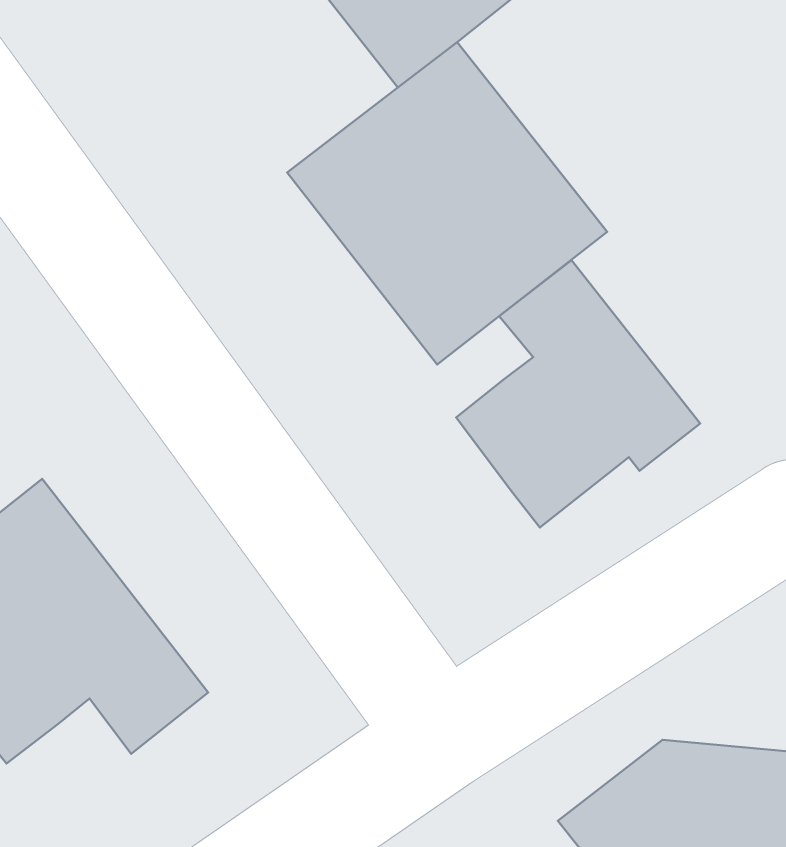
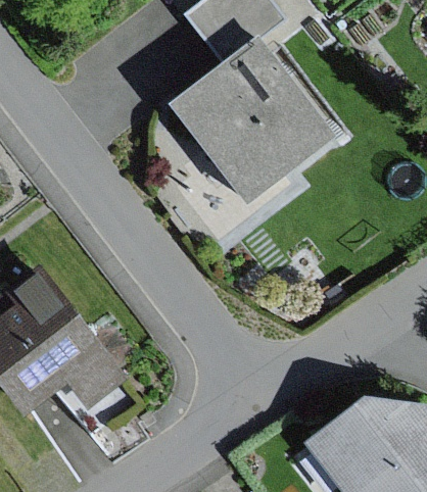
building: [456,260,700,528] -> none

